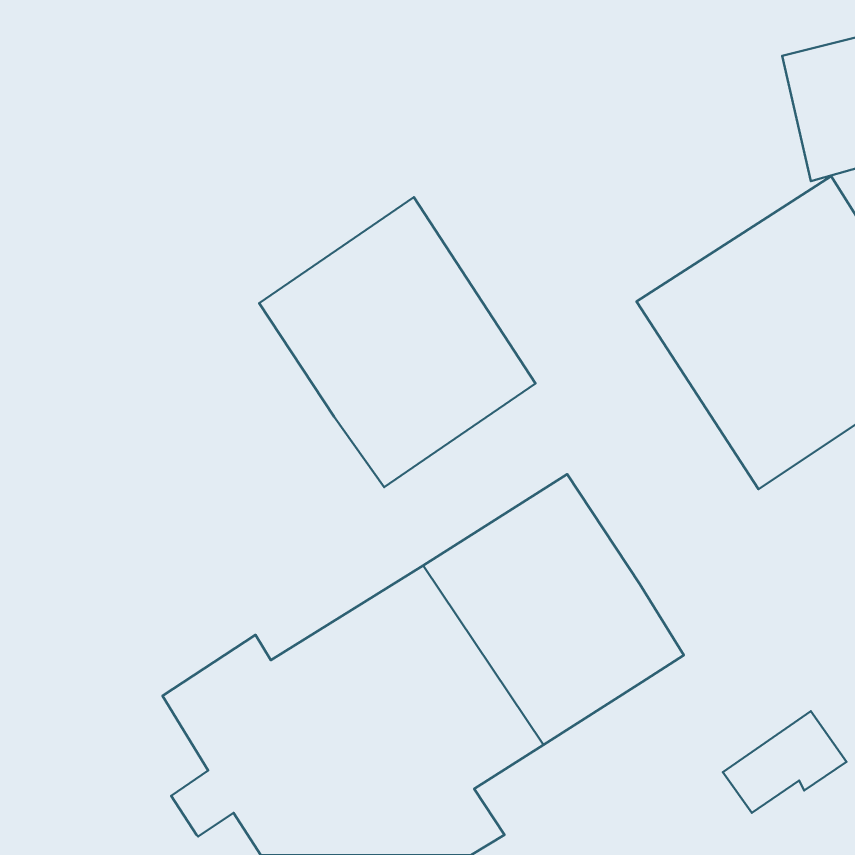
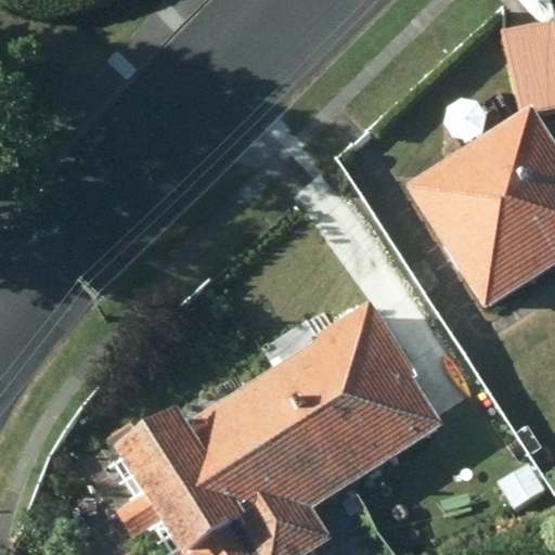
building: [259,197,535,487] -> none

